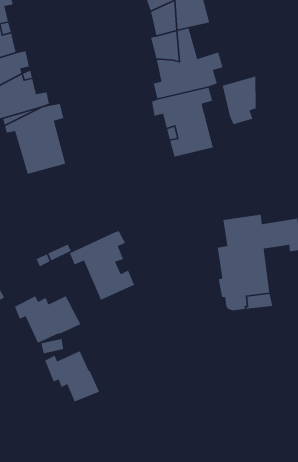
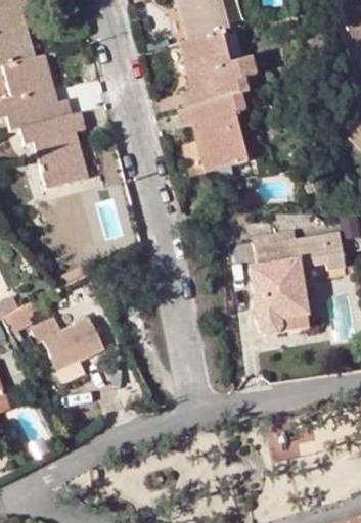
building: [222,76,256,125] -> none
building: [69,230,135,301] -> none
building: [44,350,100,403] -> none

